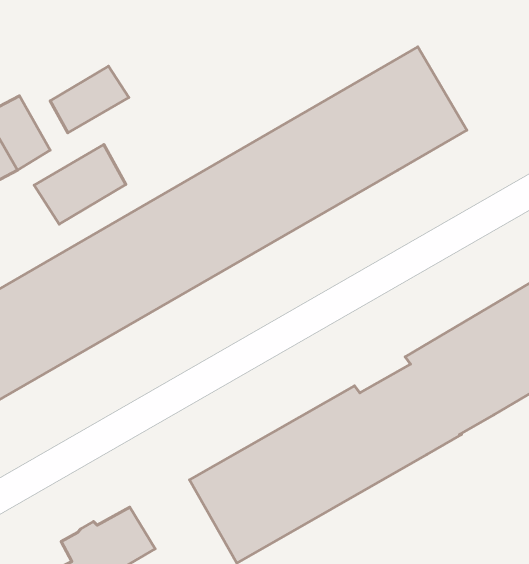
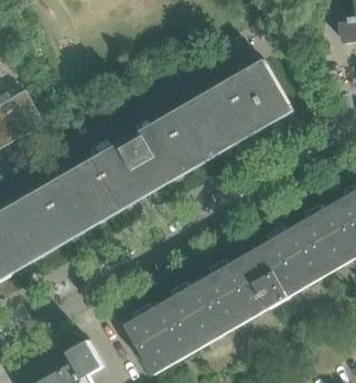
building: [50,66,129,133] -> none
building: [34,145,126,224] -> none

